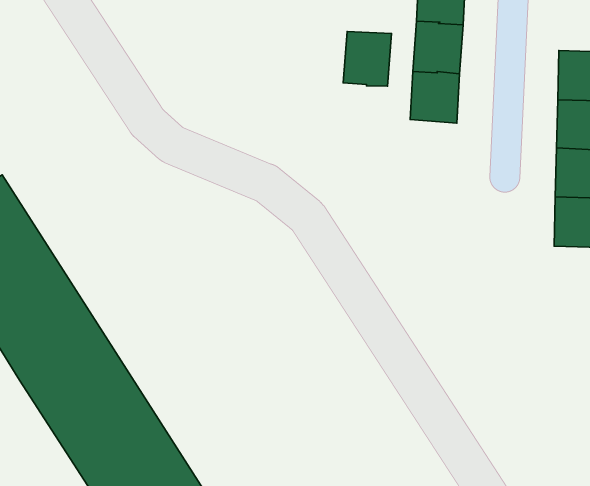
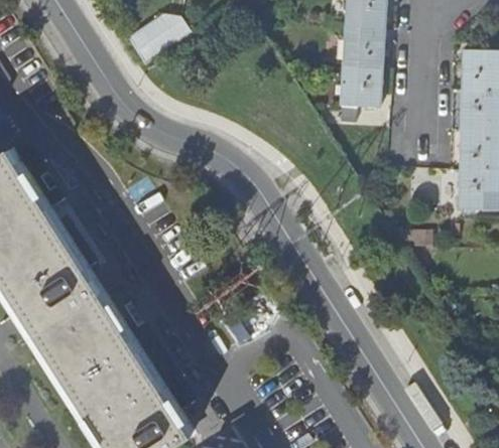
building: none -> [128,13,190,64]
building: [343,31,391,86] -> none

